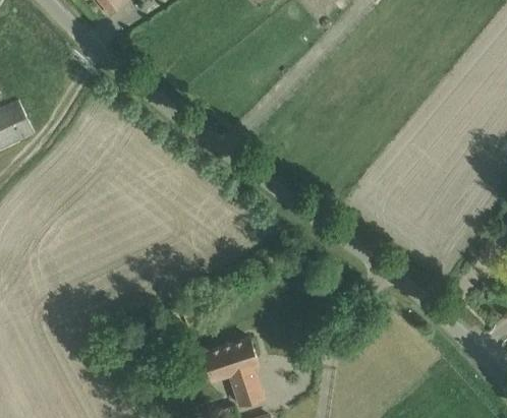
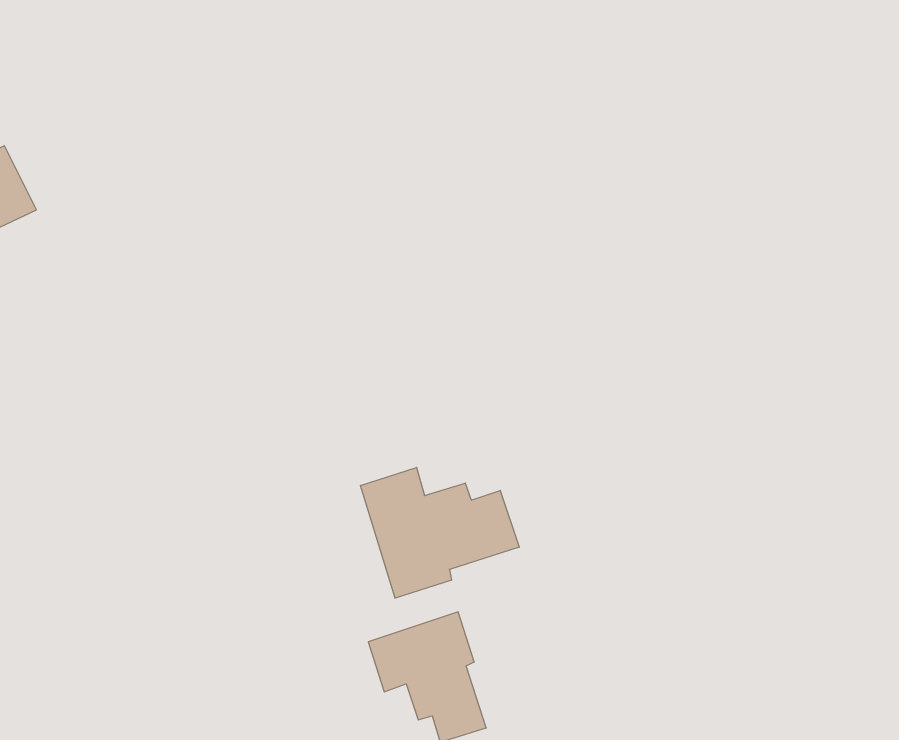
building: none -> [360,467,519,598]

